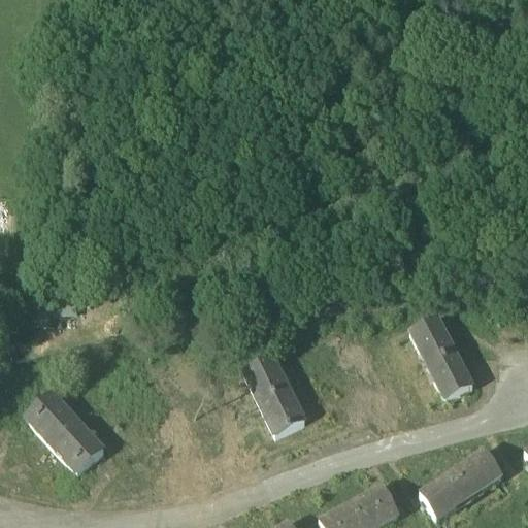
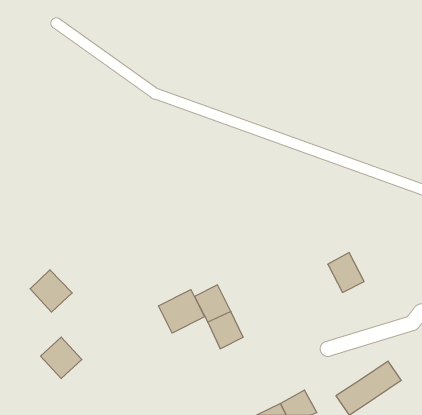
building: [428,351,472,398] -> none
building: none -> [158,290,205,333]
building: [25,391,77,443] -> [30,270,72,312]

